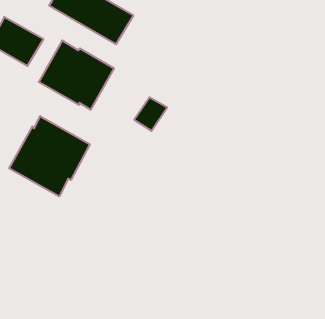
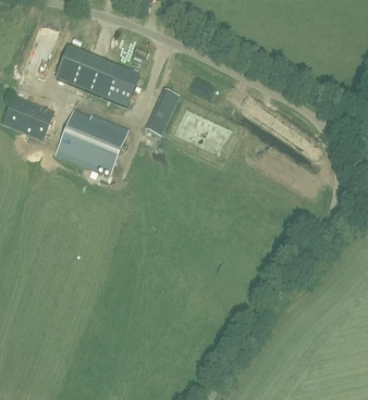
building: [134,97,167,131] -> [143,100,173,133]
building: [9,116,90,196] -> none

